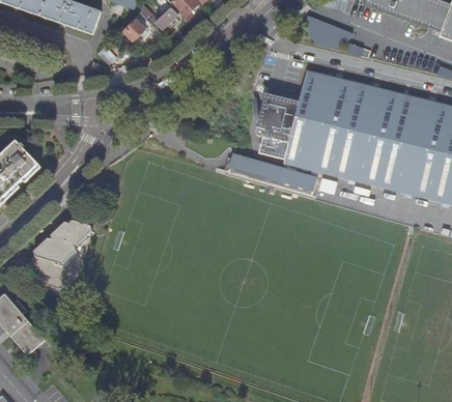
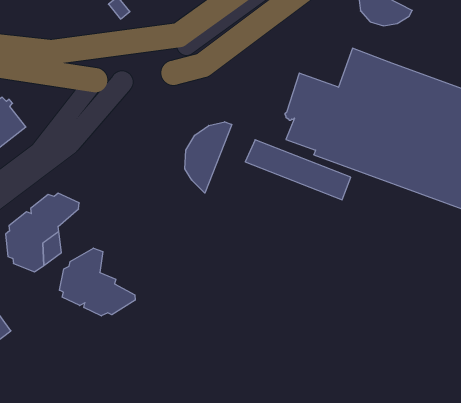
building: none -> [185,122,232,193]
building: none -> [59,248,135,316]

